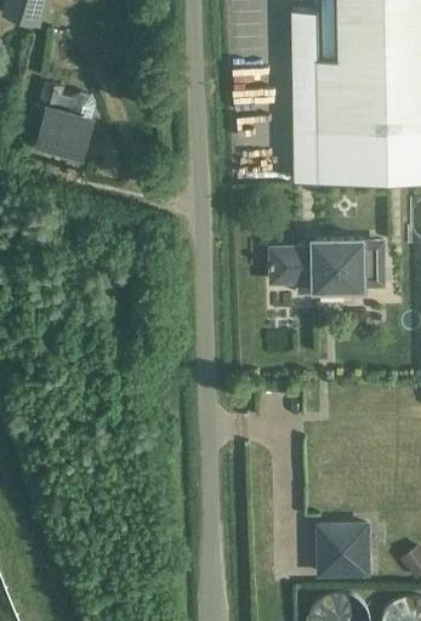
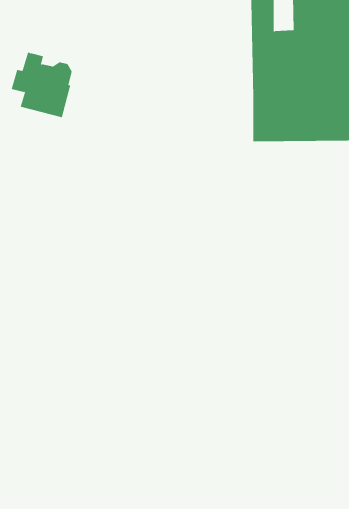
building: [272,241,386,296] -> none
building: [319,526,369,575] -> none

